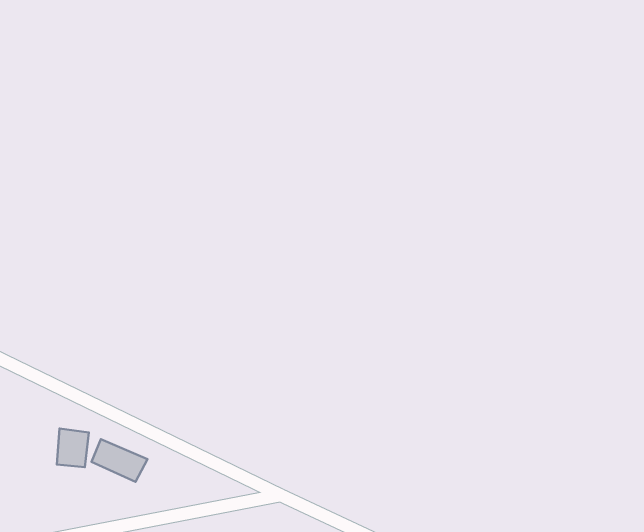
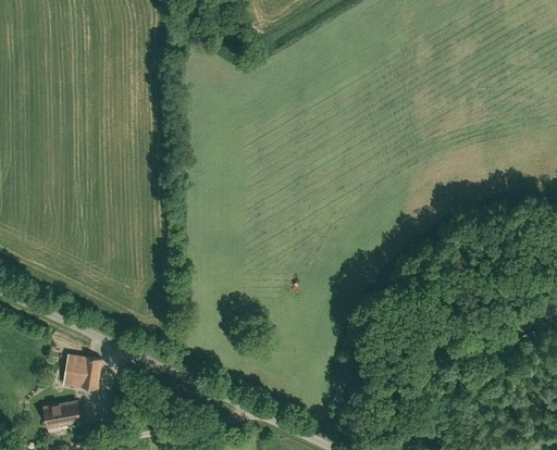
building: none -> [42,401,79,427]

